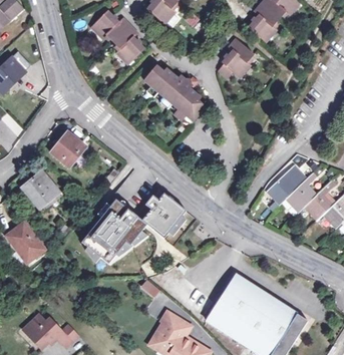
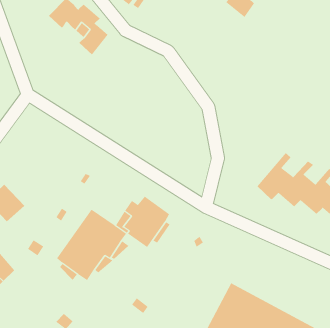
building: [218,38,253,78] -> none
building: [143,65,205,120] -> none
building: [51,131,86,167] -> none

